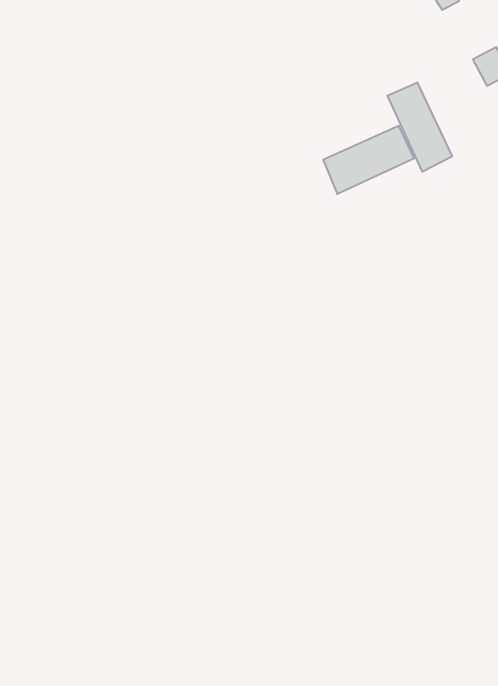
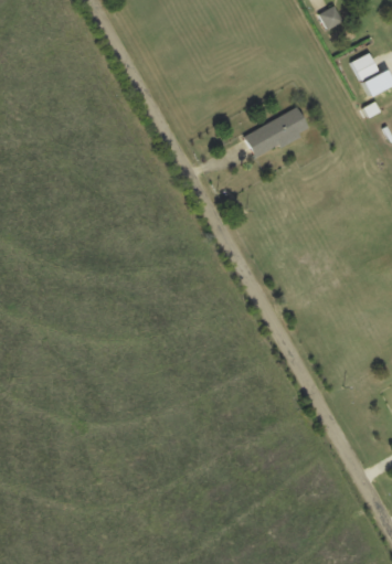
building: [387,82,452,172] -> none

